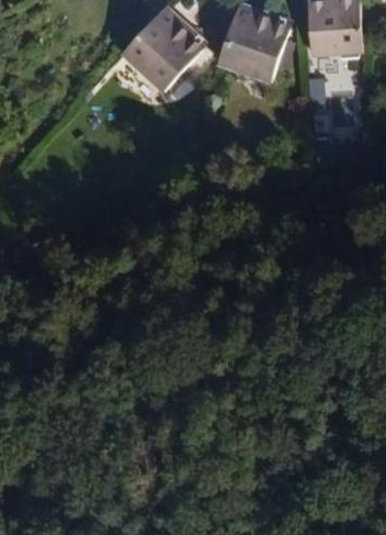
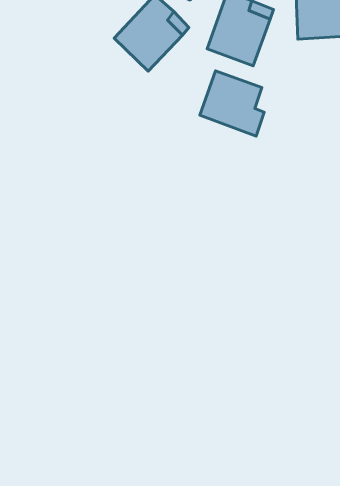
building: none -> [200,71,264,136]

